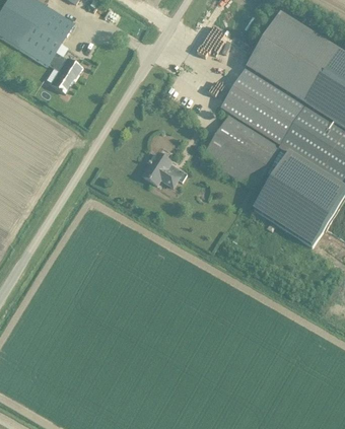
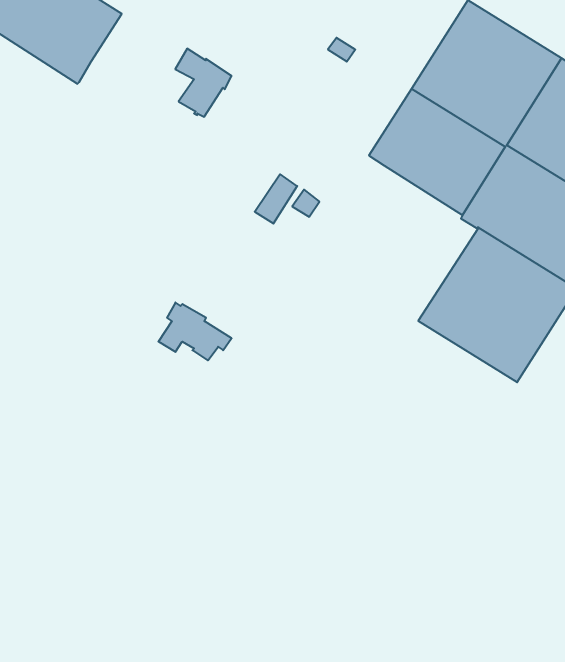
building: [50,51,83,91] -> [175,49,232,117]
building: [204,113,278,186] -> none
building: [139,148,183,183] -> [158,302,232,360]

